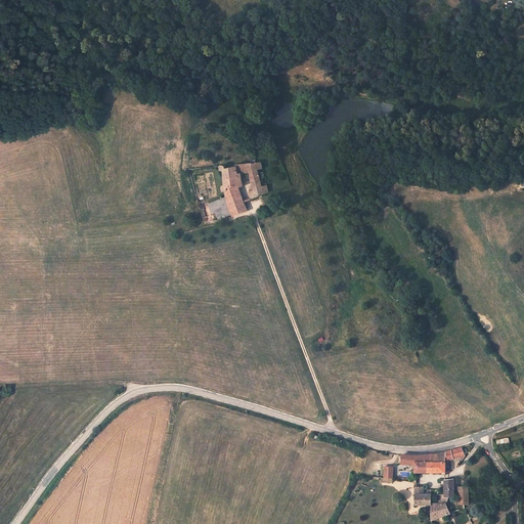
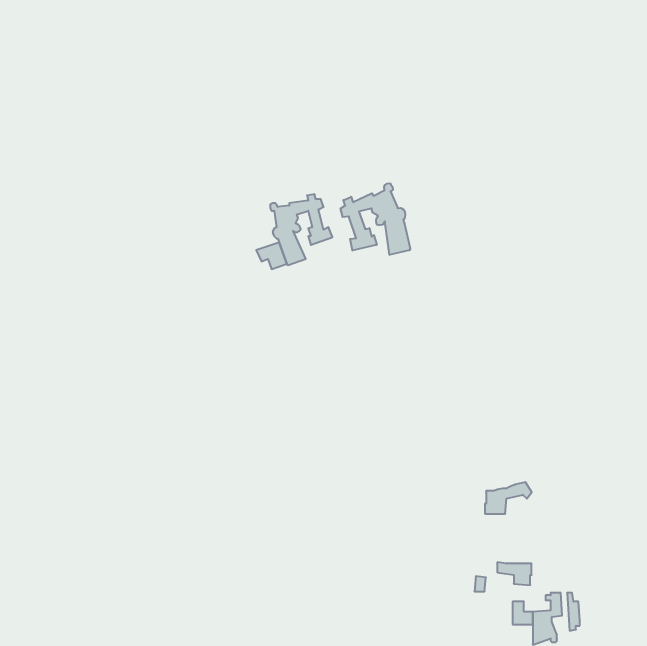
building: none -> [341,183,410,255]
building: [428,448,466,474] -> [485,482,532,514]

